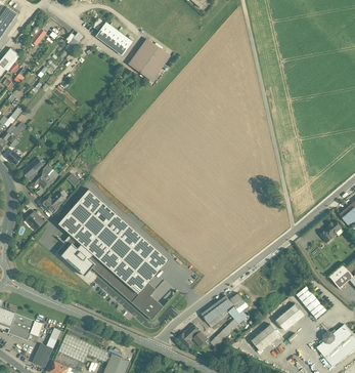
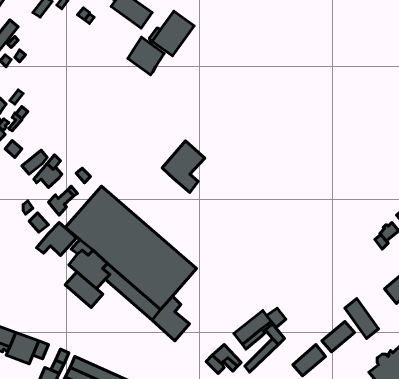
building: none -> [128,37,164,75]
building: none -> [162,141,205,193]
building: none -> [36,223,77,256]
building: none -> [65,272,103,307]

